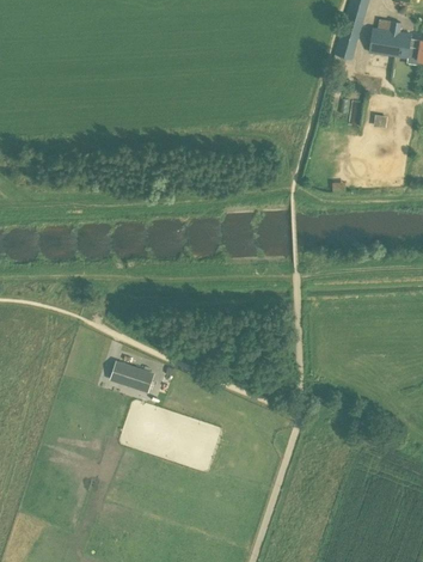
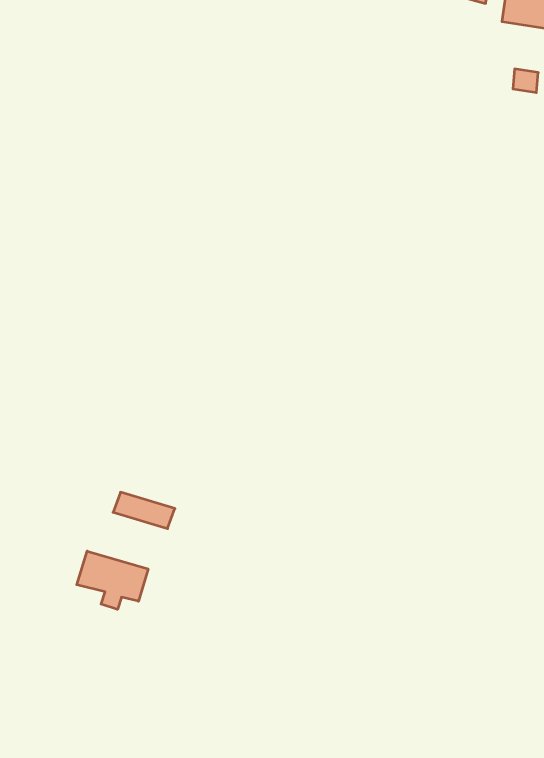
building: none -> [77,551,148,609]

